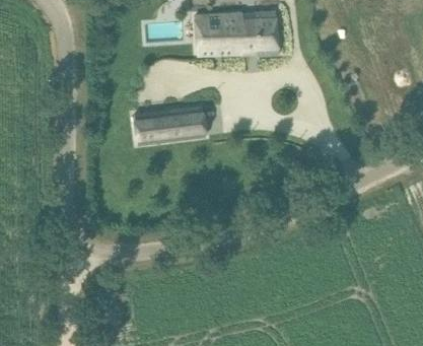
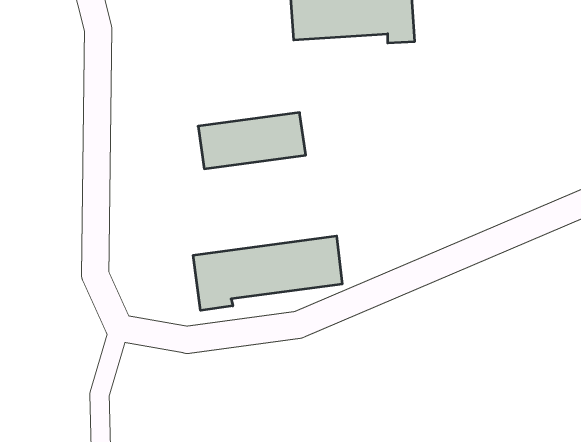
building: none -> [193,236,342,310]

